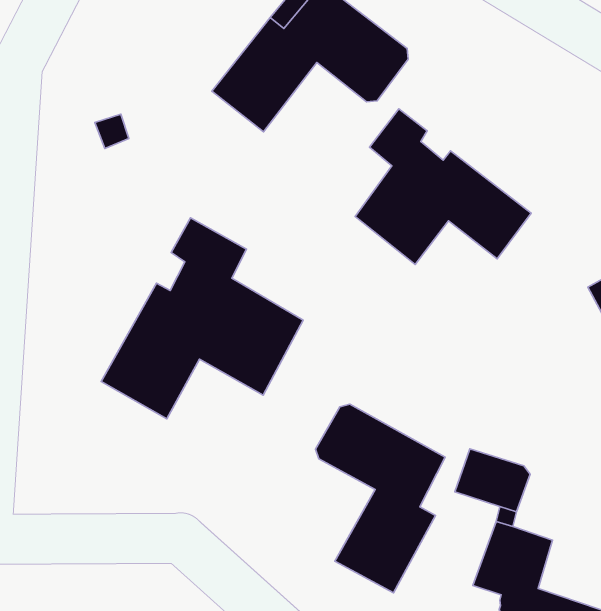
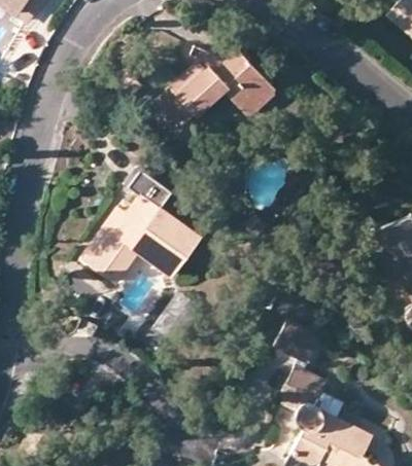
building: [355,109,531,265] -> none
building: [315,404,445,593] -> none

